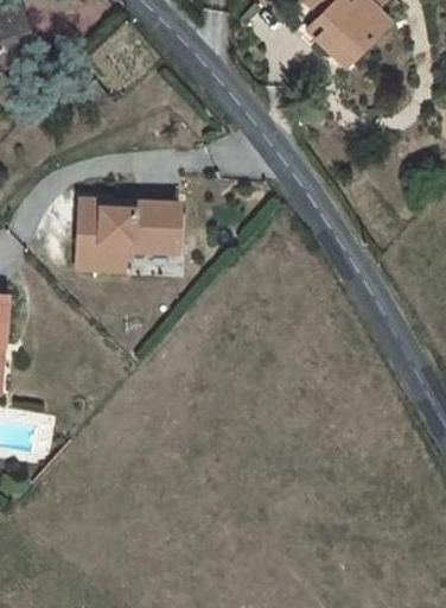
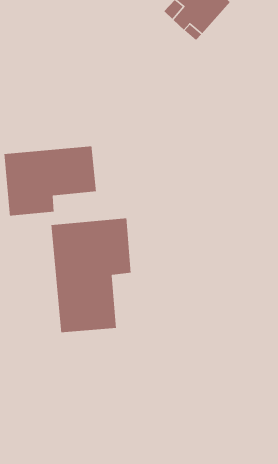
building: none -> [50,218,132,333]

